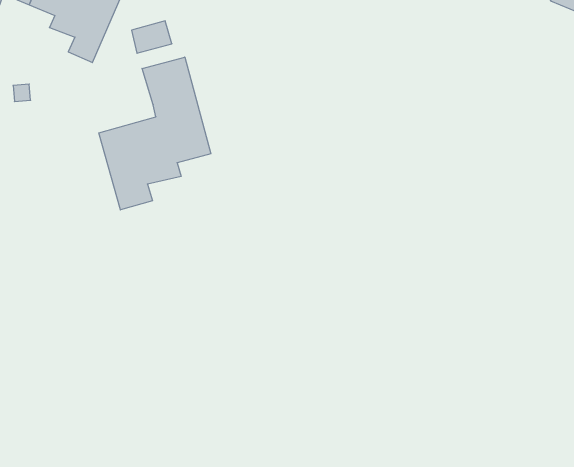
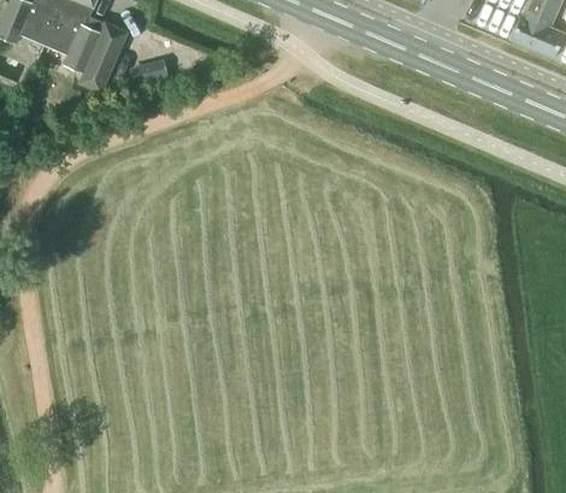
building: [99,57,211,210] -> none

